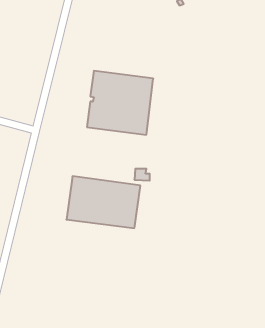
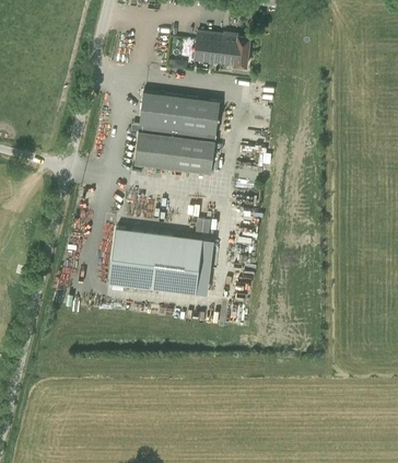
building: none -> [195,33,250,69]

